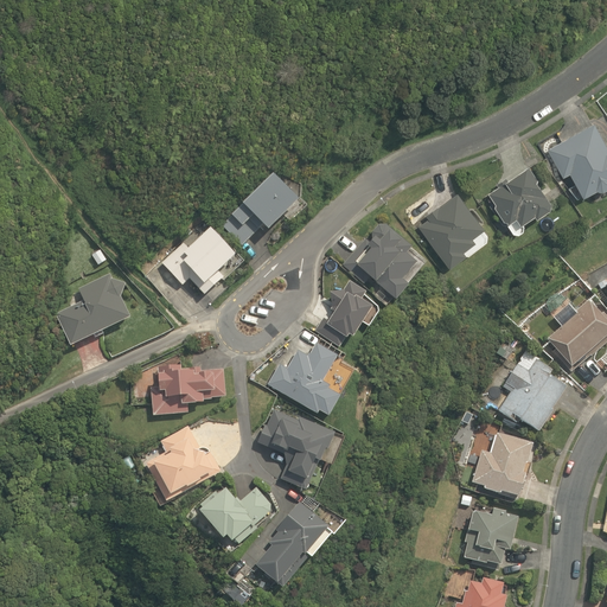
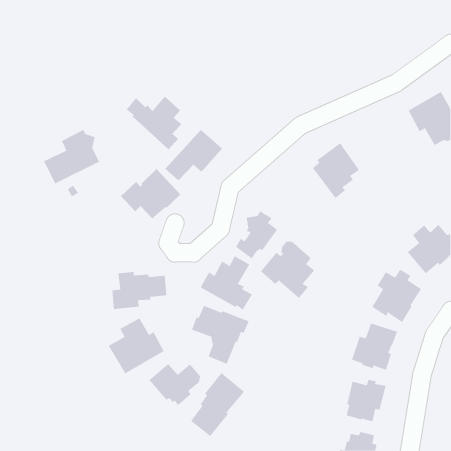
building: none -> [126,96,182,150]
building: [487,164,549,232] -> none
building: [343,224,416,301] -> [260,241,315,299]
building: [55,273,130,346] -> [43,129,100,184]

